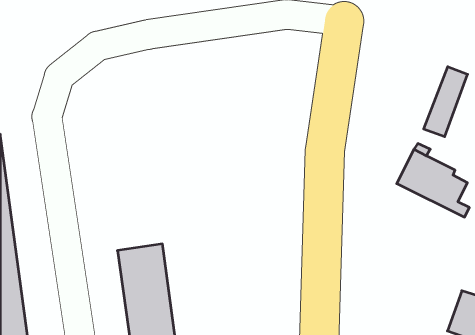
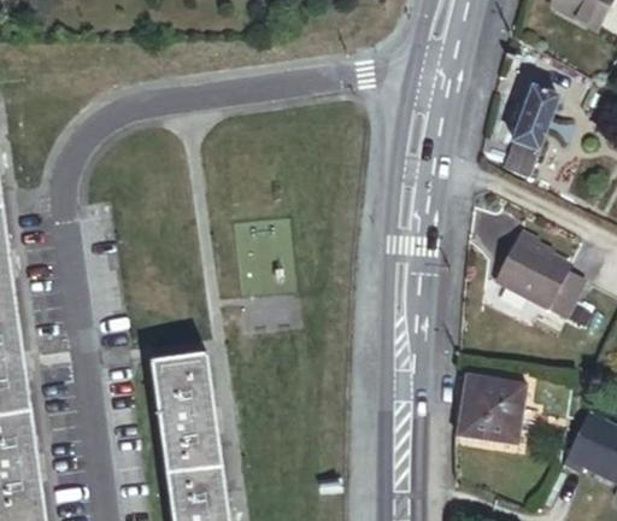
building: [424,67,468,137] -> [500,87,556,175]
building: none -> [458,374,528,443]

